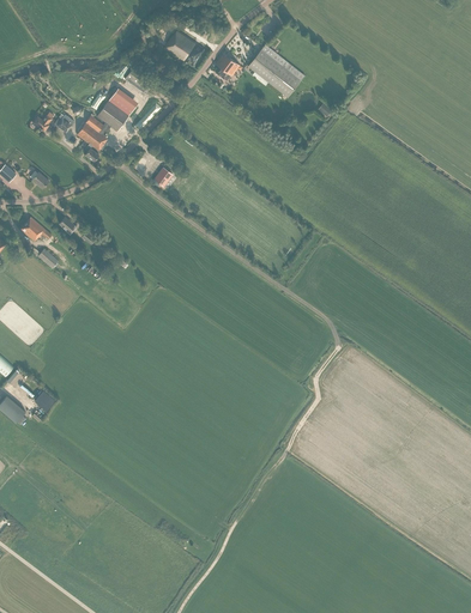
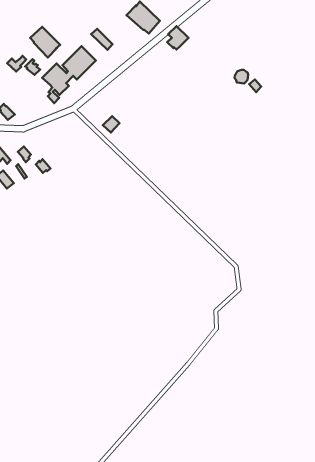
building: [249,44,304,97] -> none
building: none -> [30,27,60,58]

